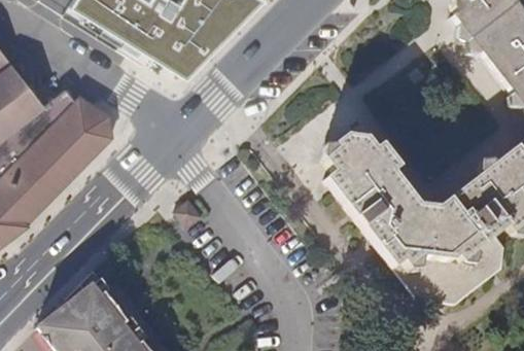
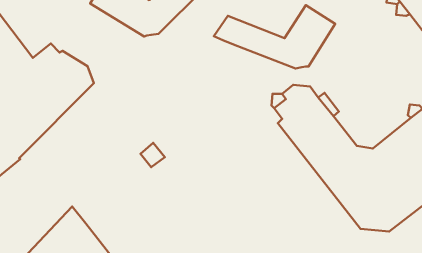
building: none -> [214,5,335,68]

